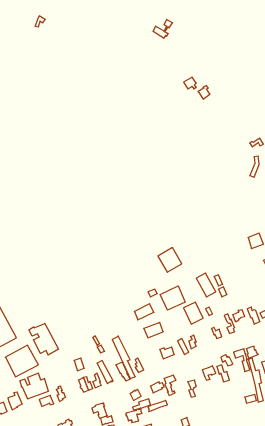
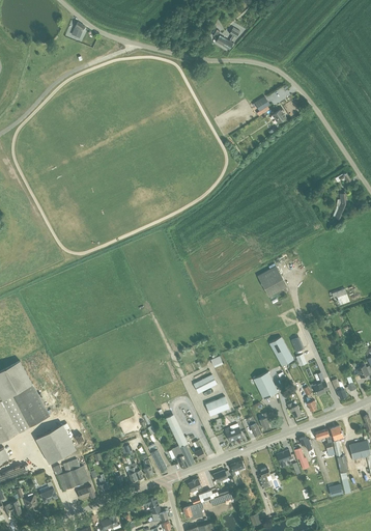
building: [158,248,182,272] -> [258,267,287,297]
building: [160,286,185,310] -> none
building: [29,323,58,355] -> none

